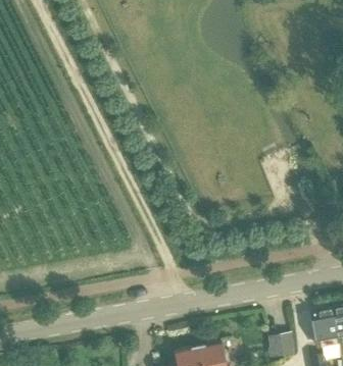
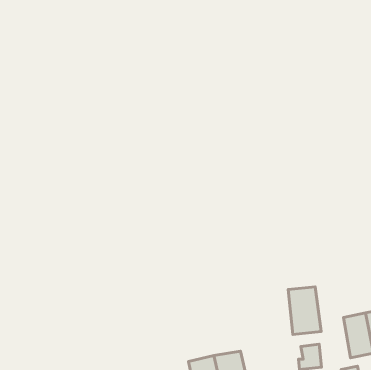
building: none -> [288,287,321,335]

